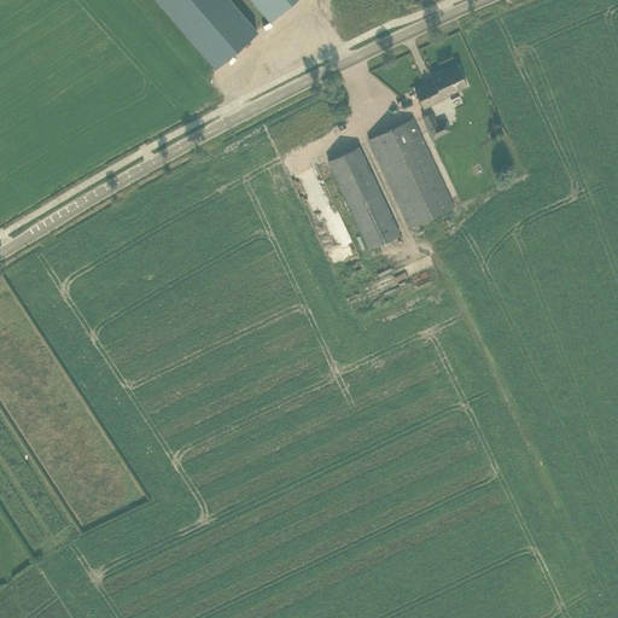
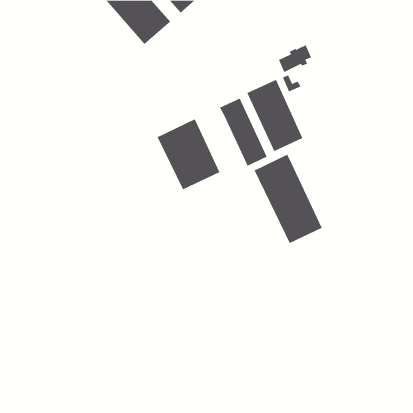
building: none -> [157,119,220,190]
building: none -> [254,154,323,244]

